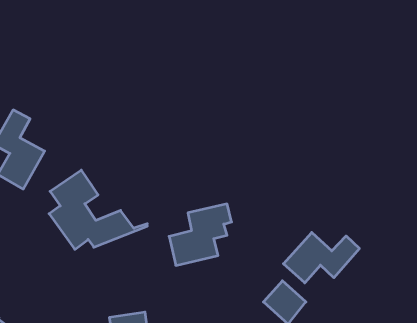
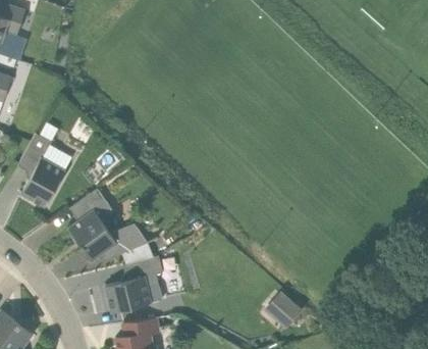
building: [169,204,232,265] -> [106,256,163,312]
building: [283,232,359,283] -> none

